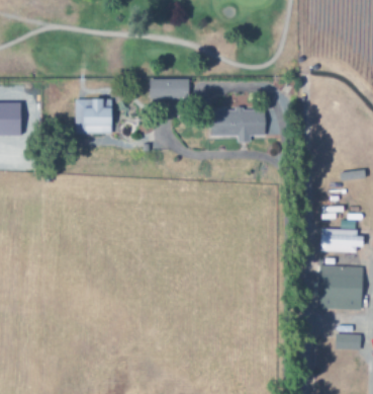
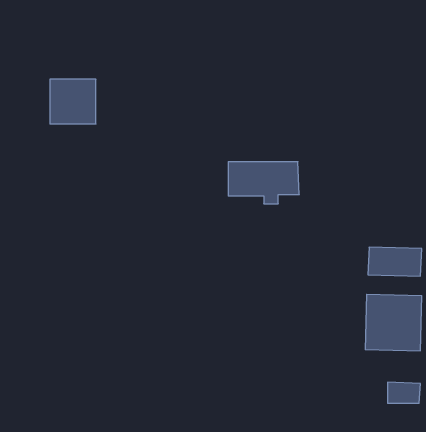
building: [150,78,187,98] -> none
building: [211,108,266,141] -> [228,162,299,204]

